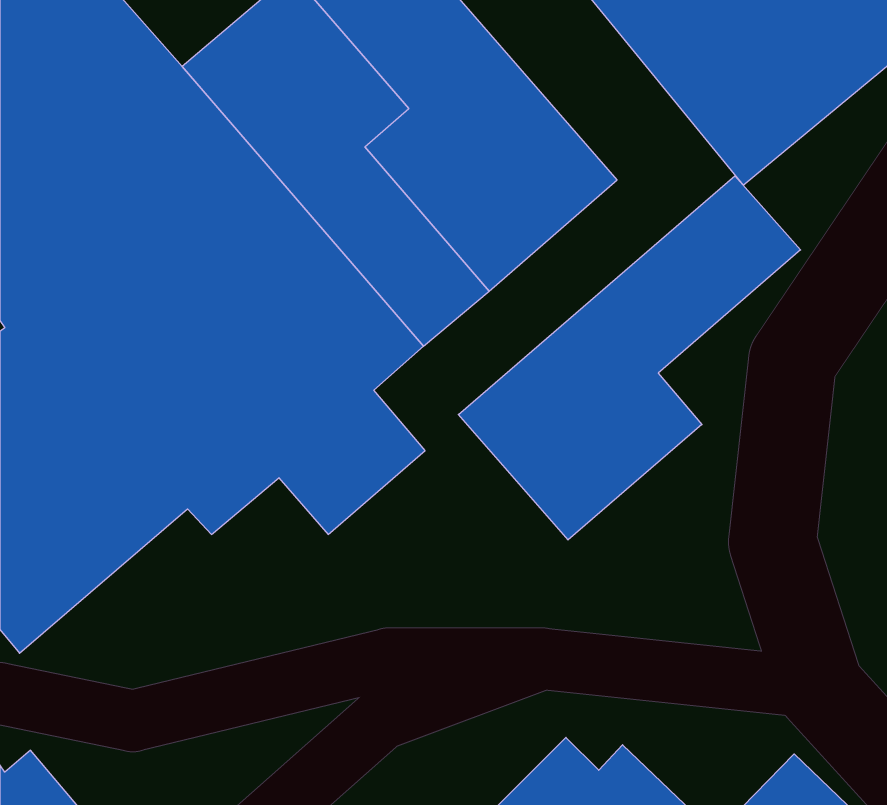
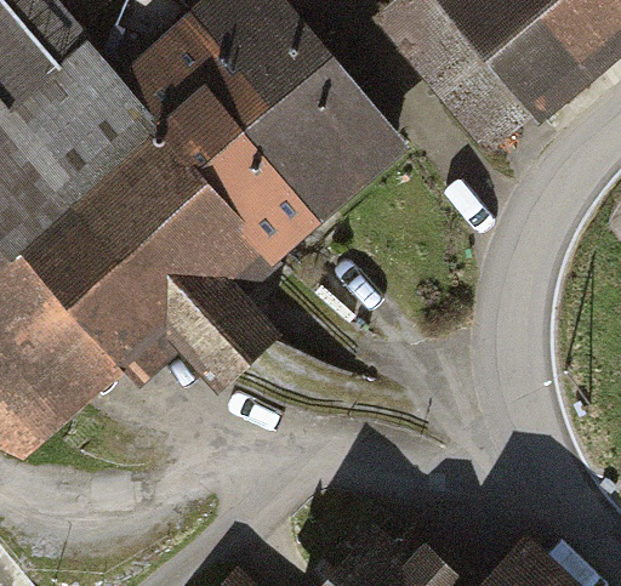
building: [458,176,801,540] -> none

